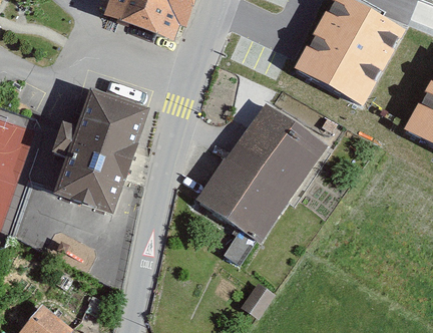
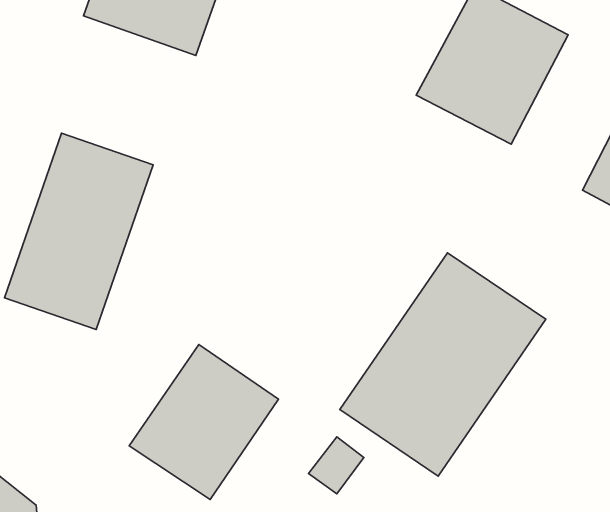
building: [196,101,327,243] -> [340,253,546,476]
building: none -> [129,345,279,499]

